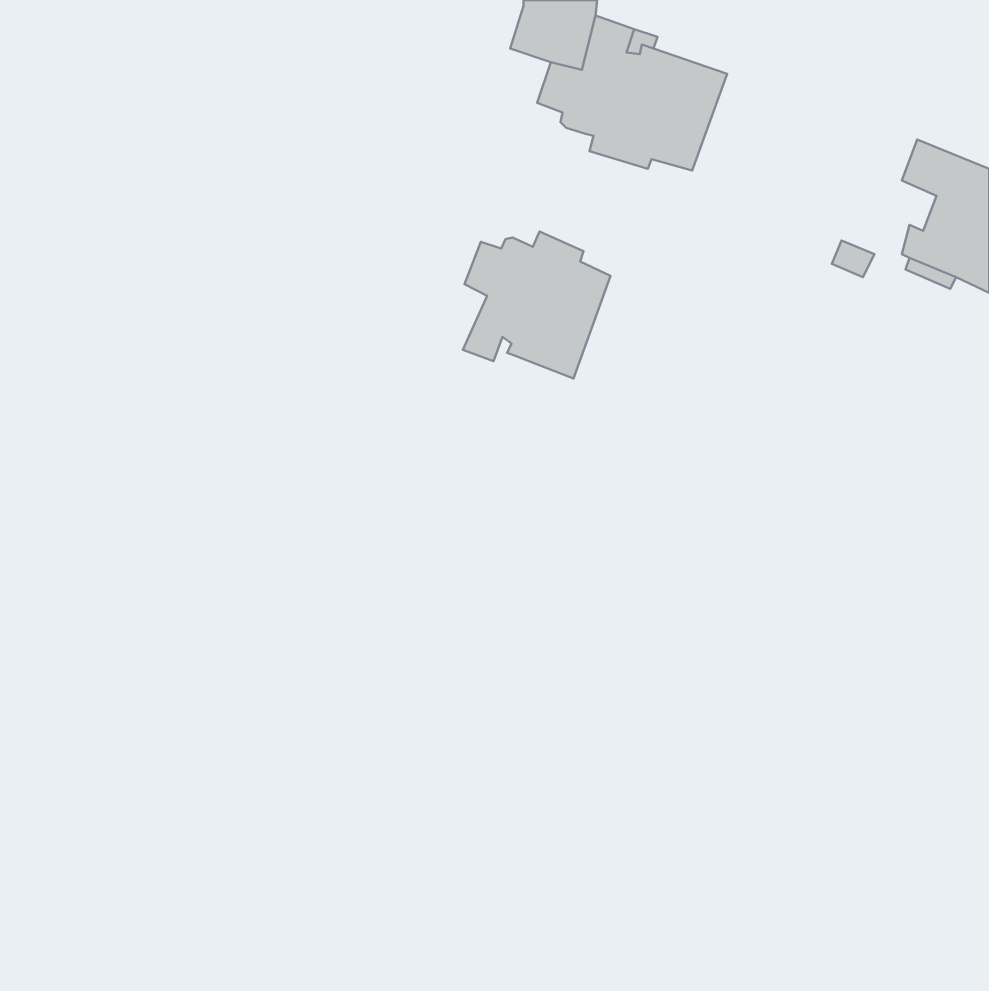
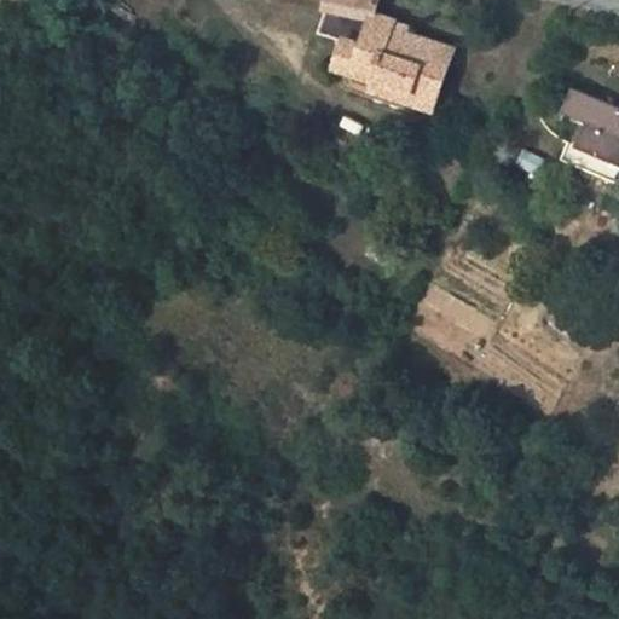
building: [463,232,611,378] -> none

